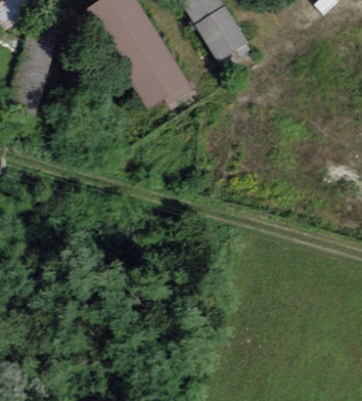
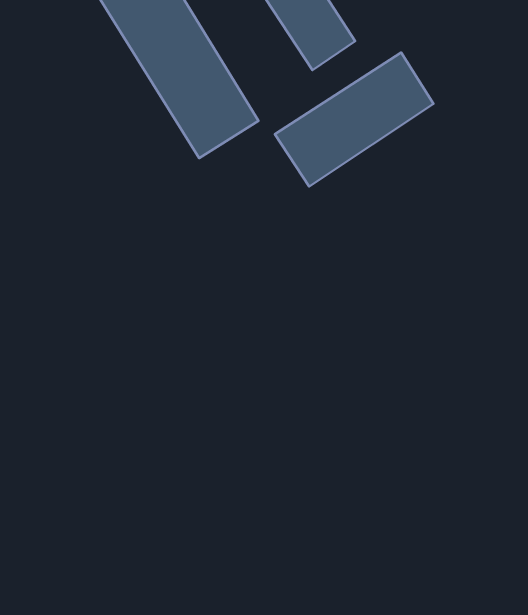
building: none -> [275,53,434,187]

